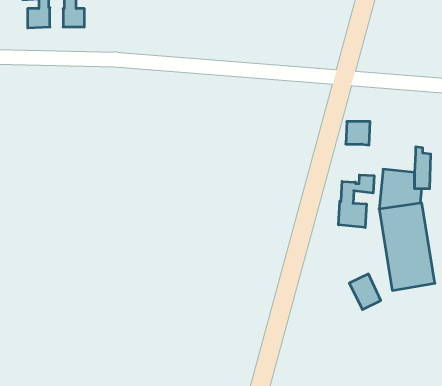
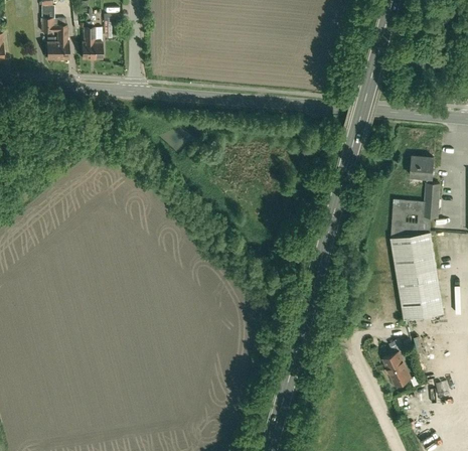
building: [346,122,370,145] -> [410,156,434,179]
building: [339,175,374,228] -> none
building: [349,274,381,310] -> [380,351,412,387]

